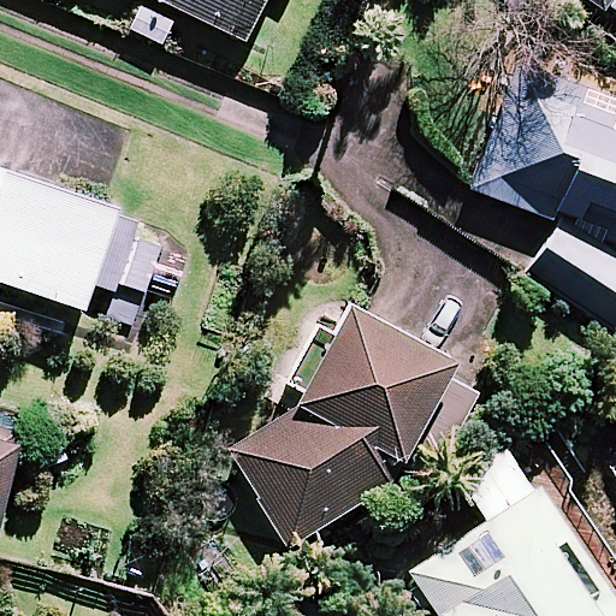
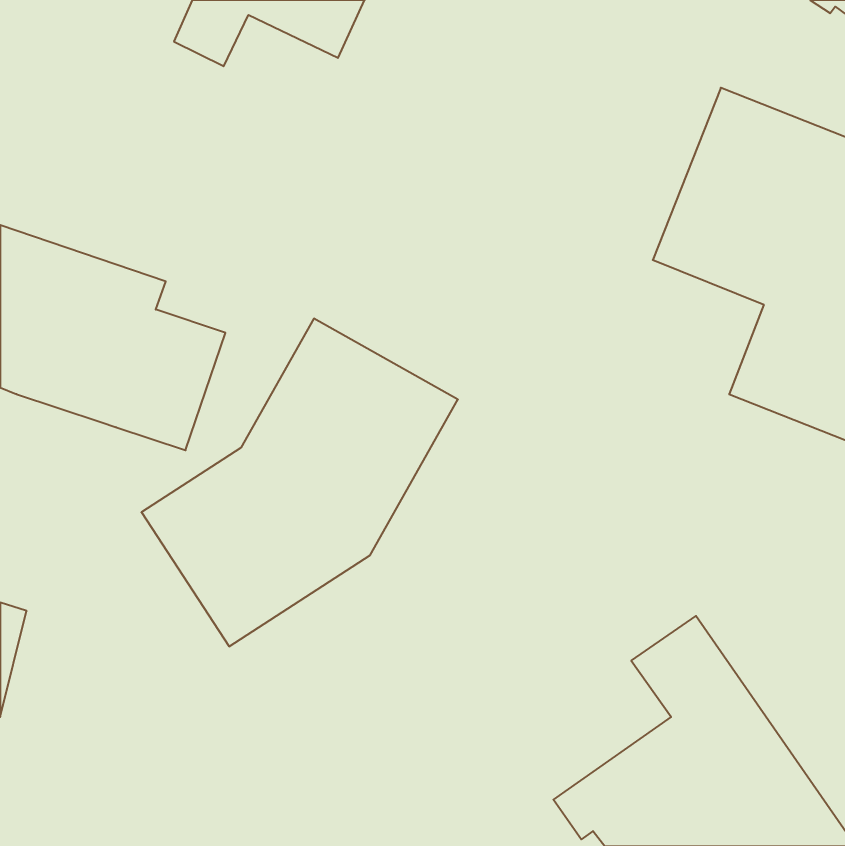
building: [226,308,456,546] -> [141,319,458,646]

